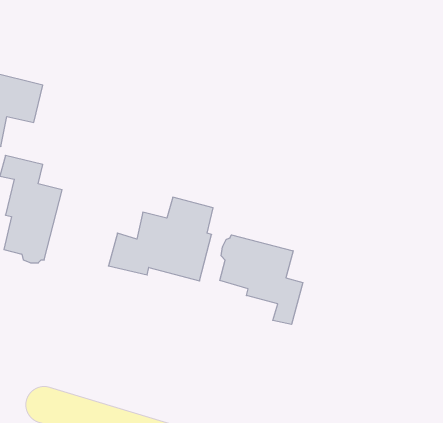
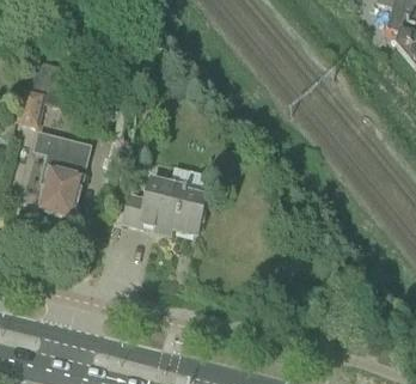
building: [220,235,303,324] -> none

